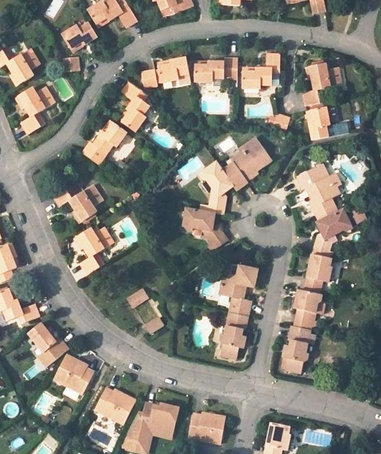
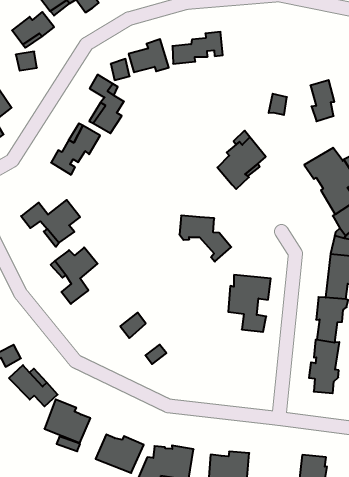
building: [241,50,279,85] -> none
building: [300,61,339,104] -> none
building: [199,162,233,214] -> none
building: [220,310,247,358] -> none

